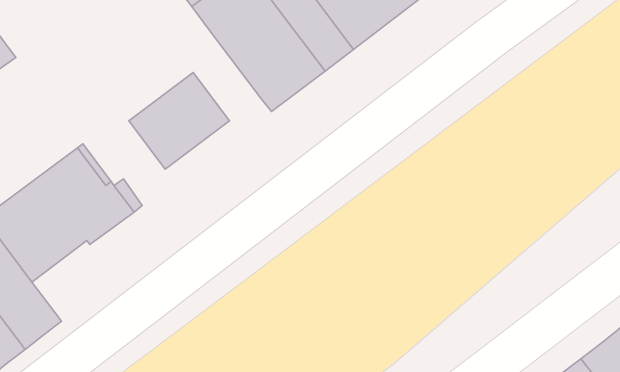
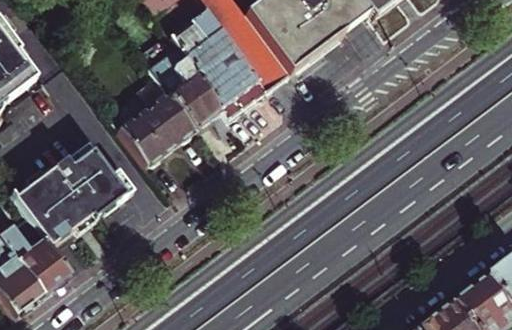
building: none -> [161,55,221,121]

